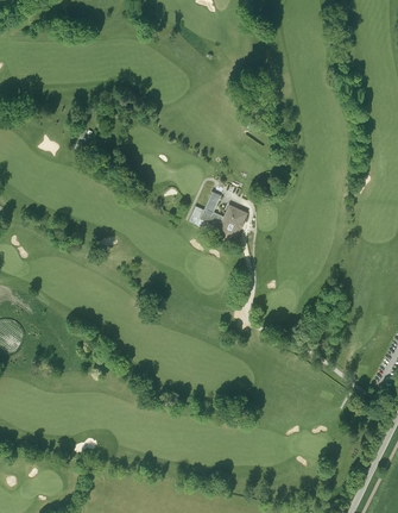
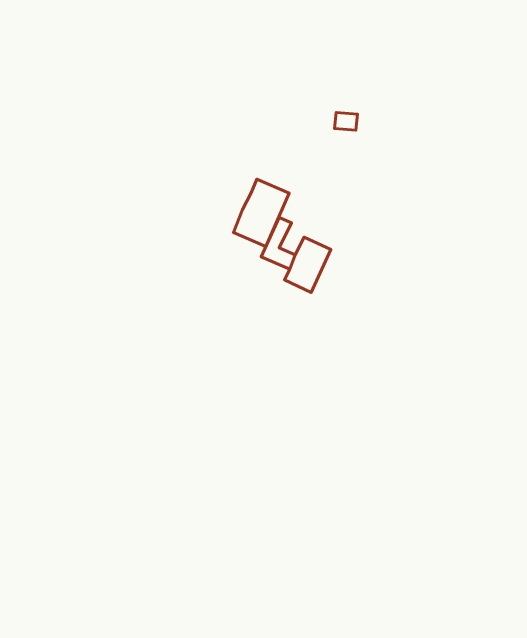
building: none -> [233,179,289,246]

